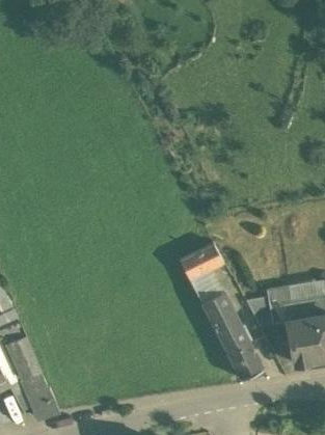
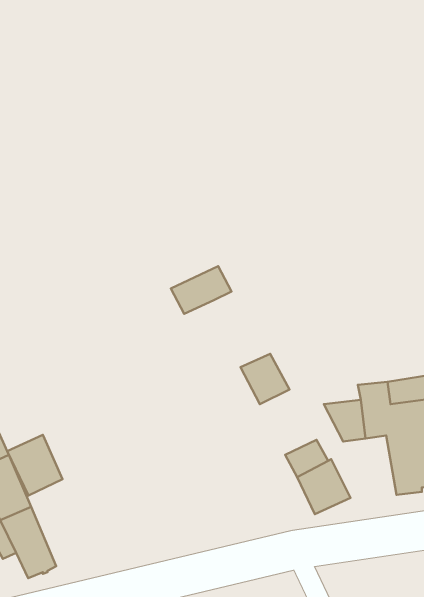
building: [178,241,220,274] -> [171,266,232,314]
building: [200,290,240,335] -> none
building: none -> [7,435,62,495]

